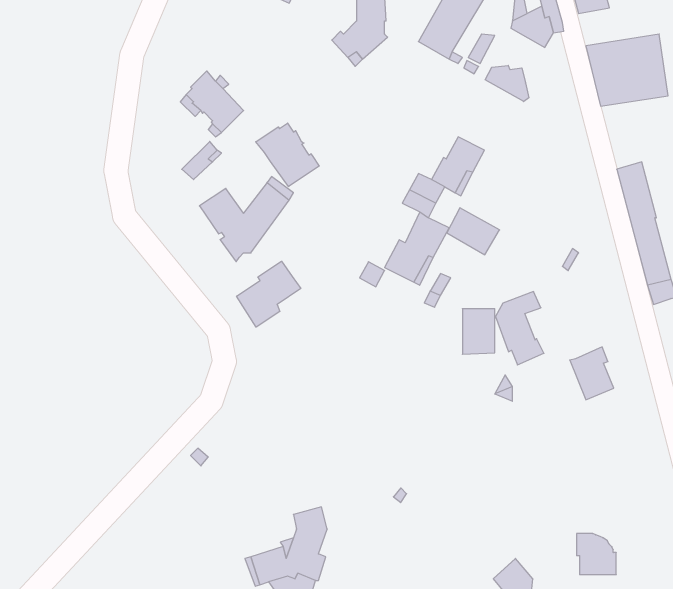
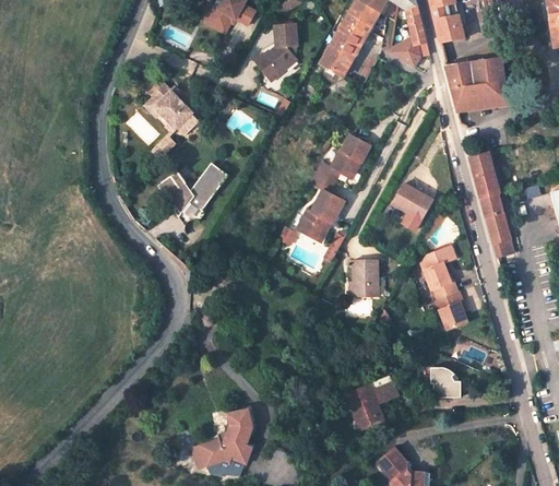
building: [485,65,529,102] -> none
building: [256,123,319,187] -> none
building: [447,208,500,255] -> [393,183,432,218]
building: [237,261,301,327] -> none
building: [495,292,544,365] -> [421,244,457,298]
building: none -> [346,375,396,428]
building: [577,534,616,575] -> [430,367,460,398]

